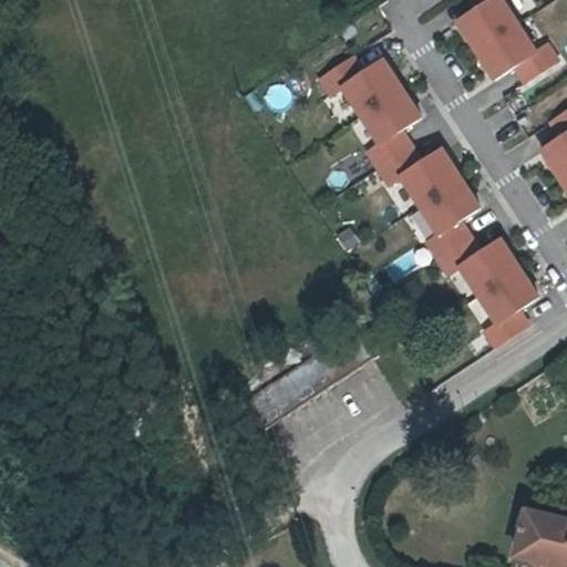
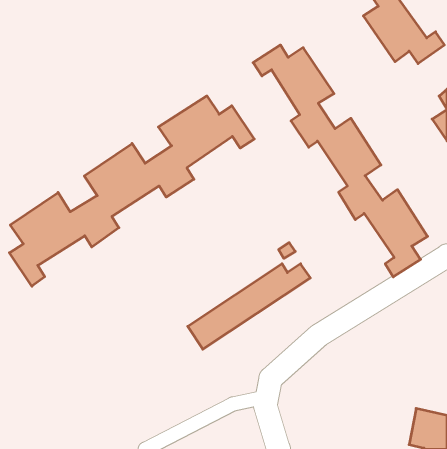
building: none -> [9,96,254,286]

